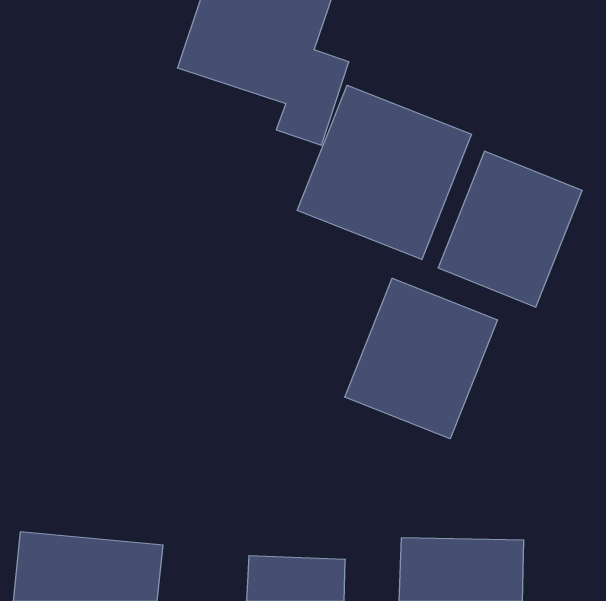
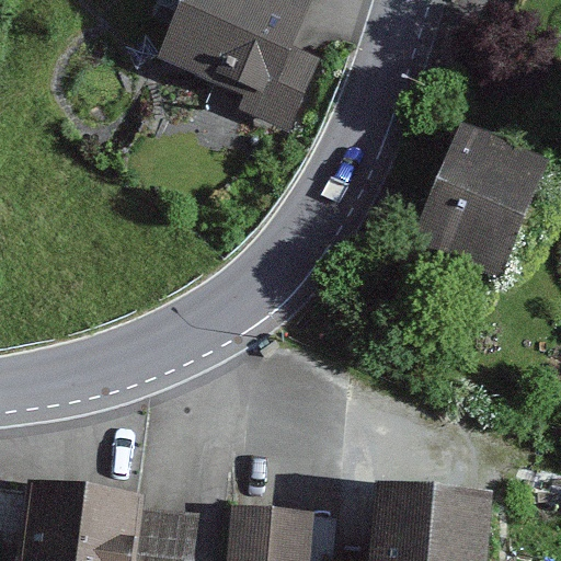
building: [297,85,472,260] -> none
building: [345,278,497,439] -> none

